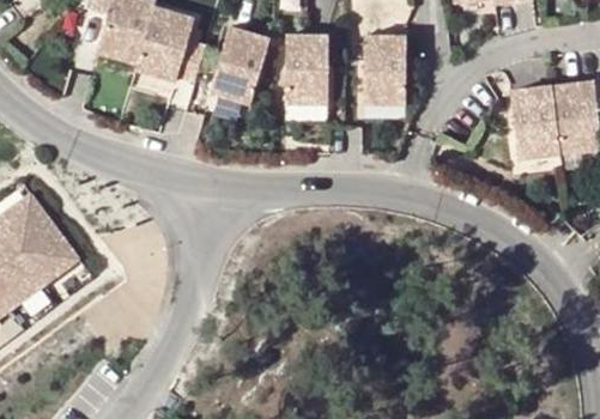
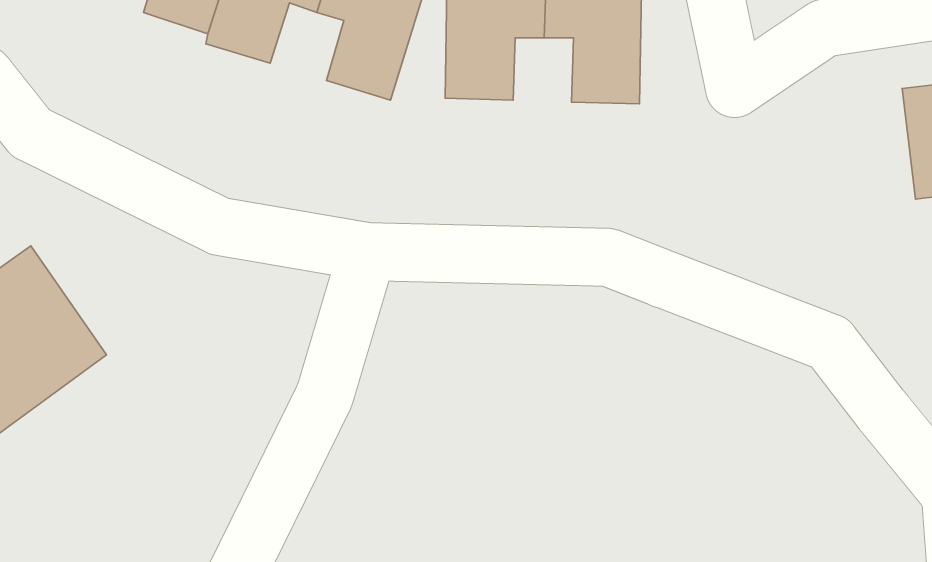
building: [523,97,574,170] -> none

